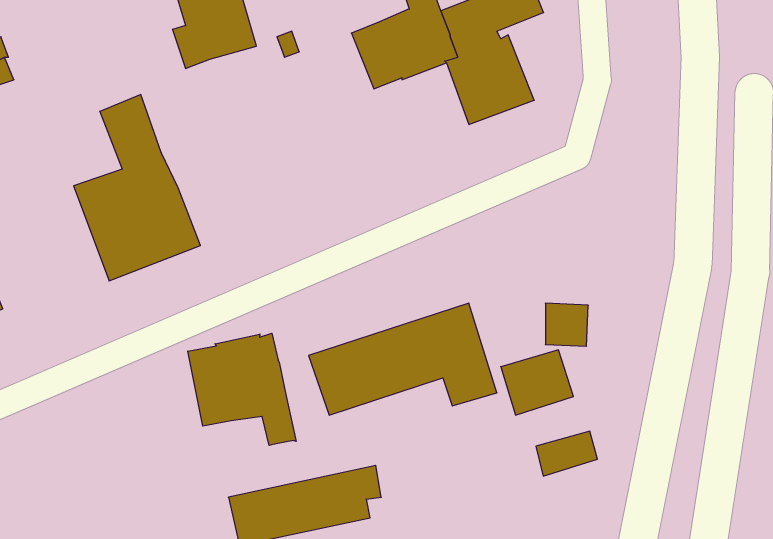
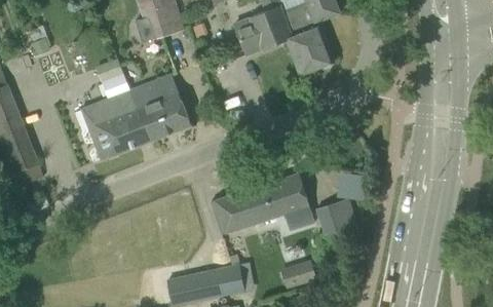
building: none -> [129,74,191,141]
building: [188,333,296,445] -> none
building: [536,431,597,476] -> [283,259,317,283]

